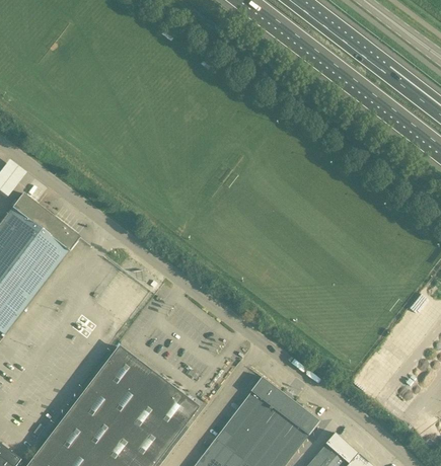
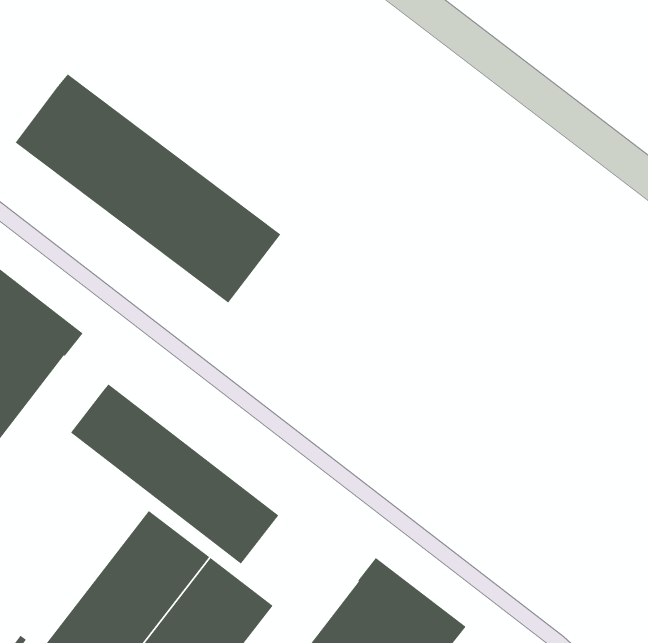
building: none -> [15,73,281,303]
building: none -> [70,384,279,564]

